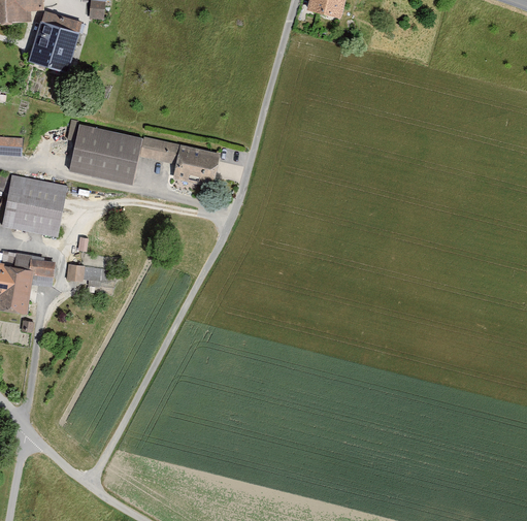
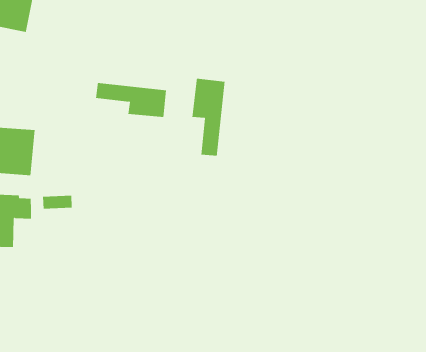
building: [68,125,141,184] -> none
building: none -> [192,78,225,156]

